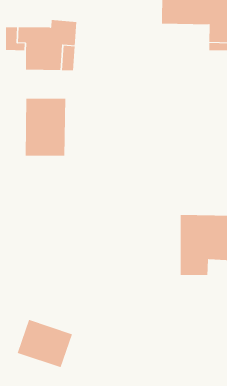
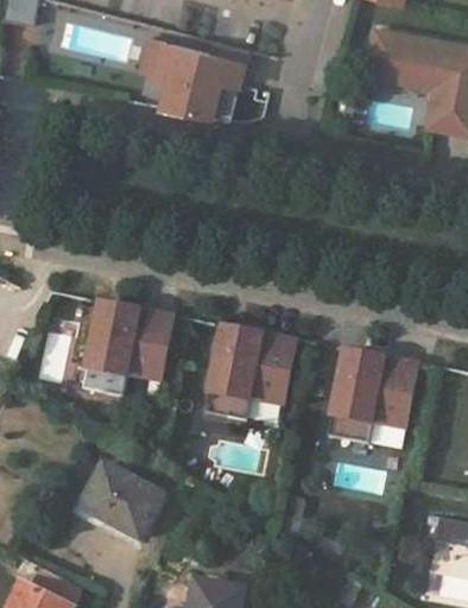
building: [25,98,66,156] -> none
building: none -> [83,303,173,397]
building: none -> [205,327,296,420]

